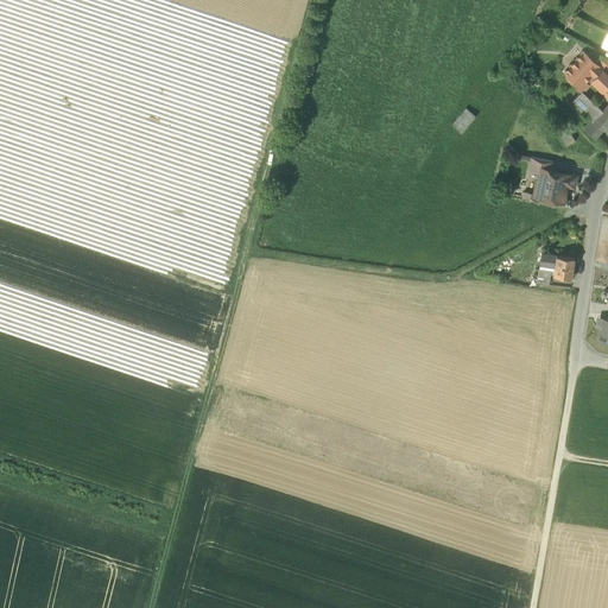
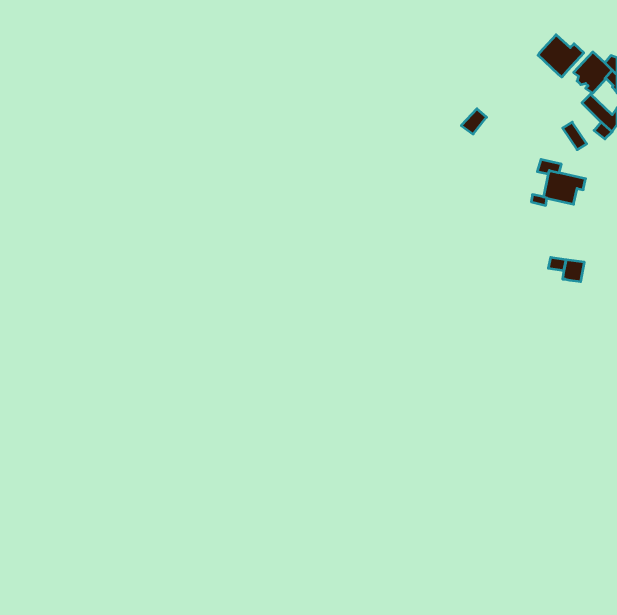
building: none -> [538,35,584,77]

